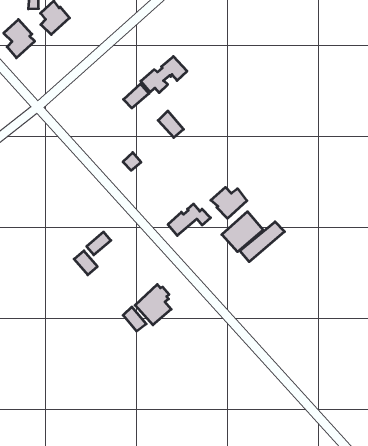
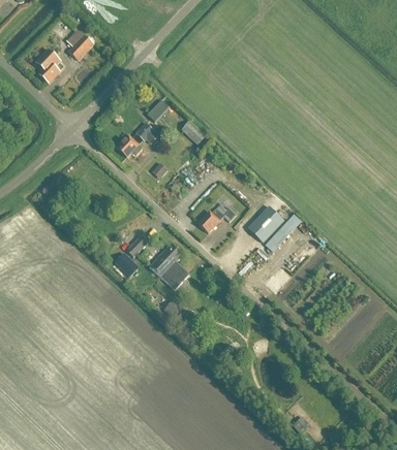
building: [141,56,187,93] -> [117,122,158,156]
building: [211,187,247,218] -> none
building: [135,284,171,325] -> [149,245,182,282]

